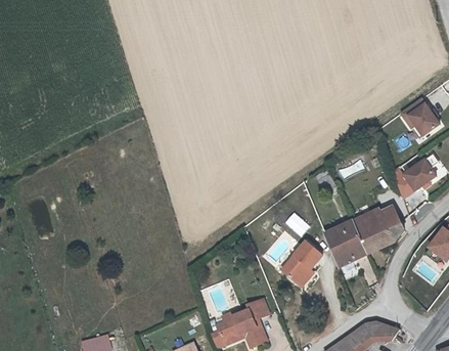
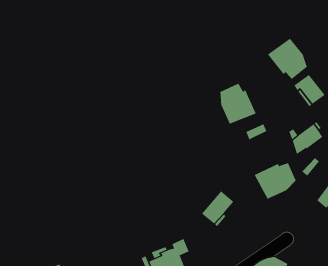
building: none -> [267,38,307,80]
building: none -> [220,83,256,124]
building: [324,221,364,265] -> none

